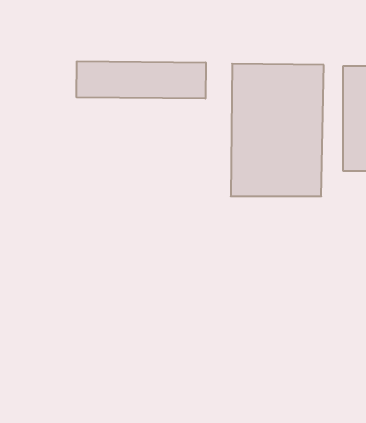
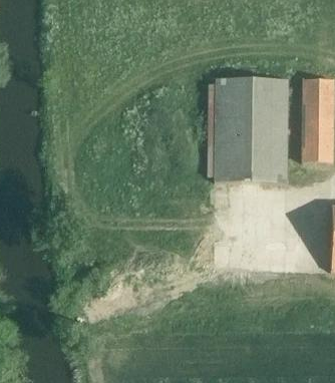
building: [77,61,206,99] -> none

